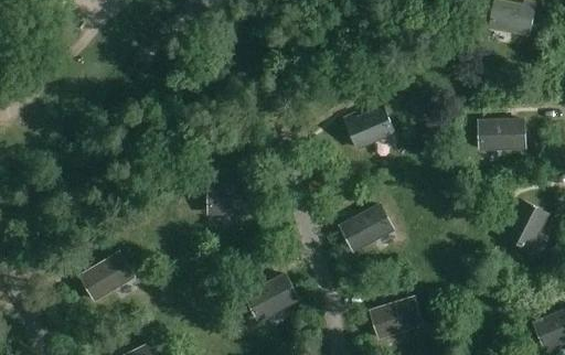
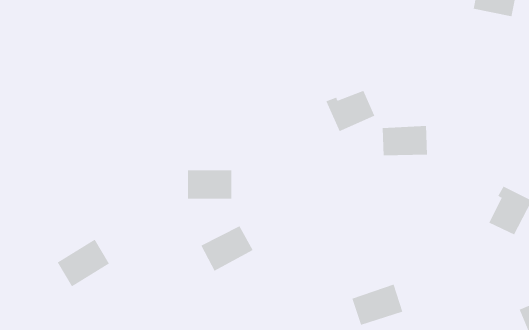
building: [480,119,525,149] -> [382,126,428,156]
building: [341,204,393,250] -> none
building: [246,275,298,320] -> [201,225,253,272]

